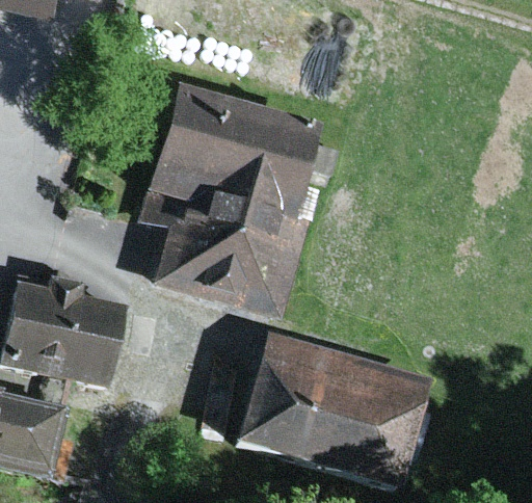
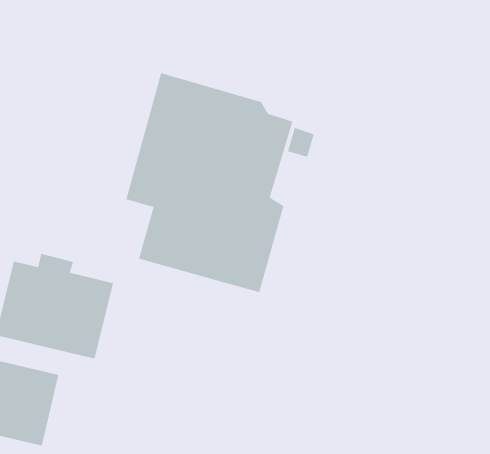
building: [238,332,431,484] -> none

